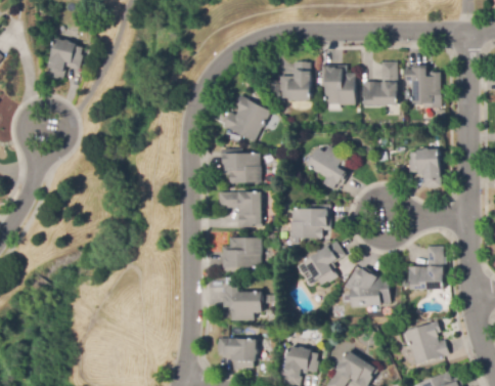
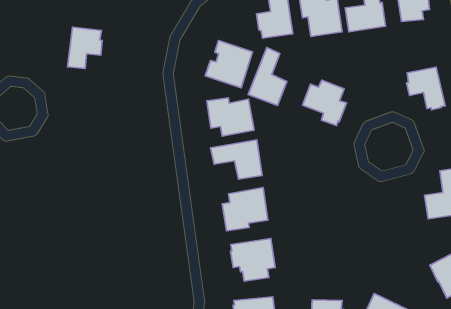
building: [46,39,83,79] -> [67,27,102,68]
building: none -> [248,47,287,106]
building: [290,207,329,238] -> none
building: [305,241,345,285] -> none
building: [350,265,390,304] -> none

